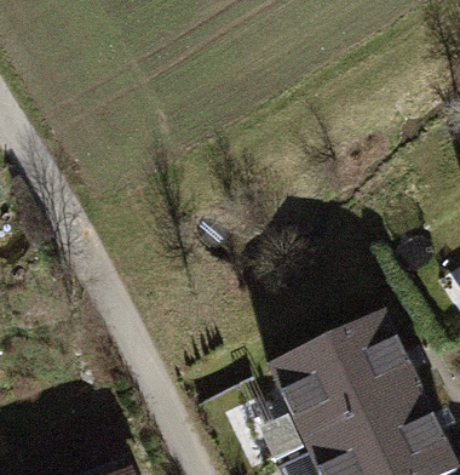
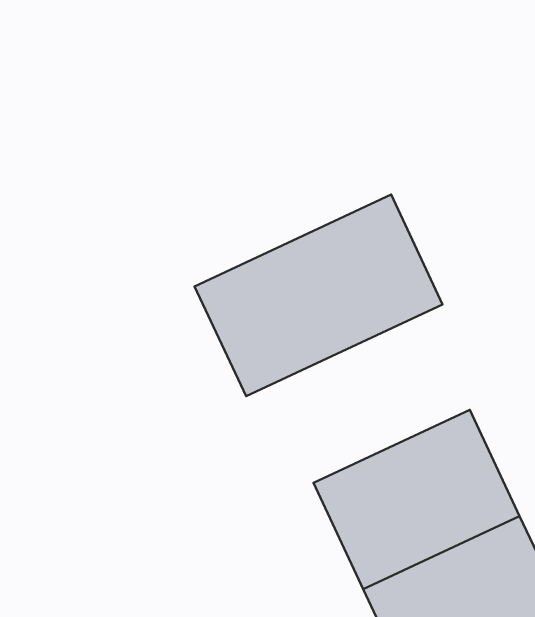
building: none -> [195,194,442,396]

